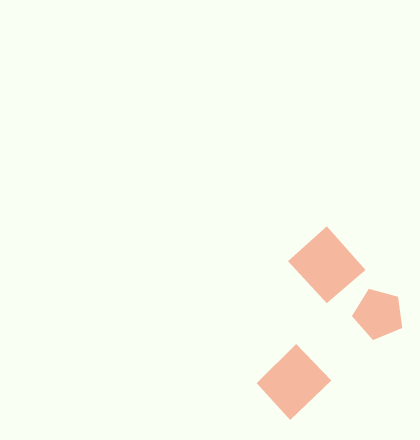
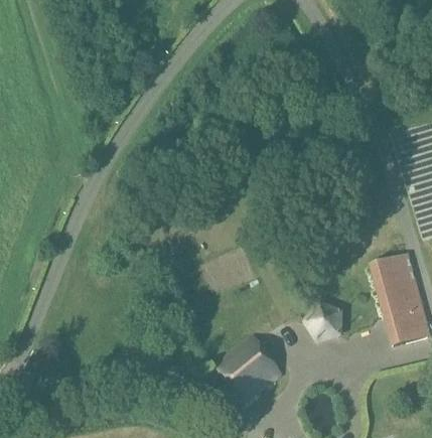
building: [287,226,367,304] -> none

